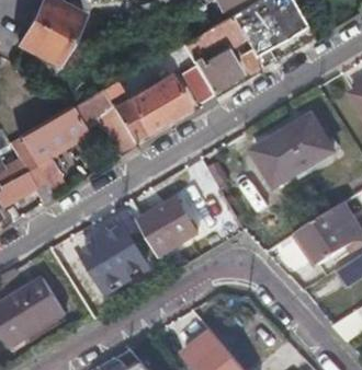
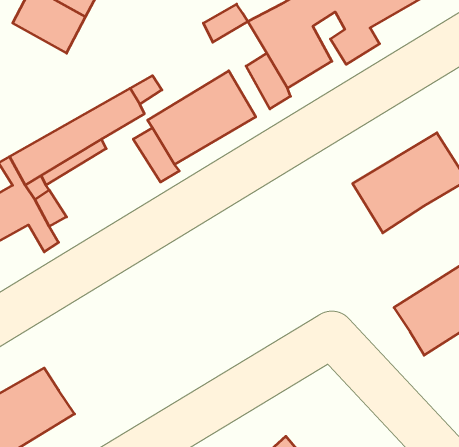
building: [138,201,199,258] -> none
building: [83,233,145,289] -> none

